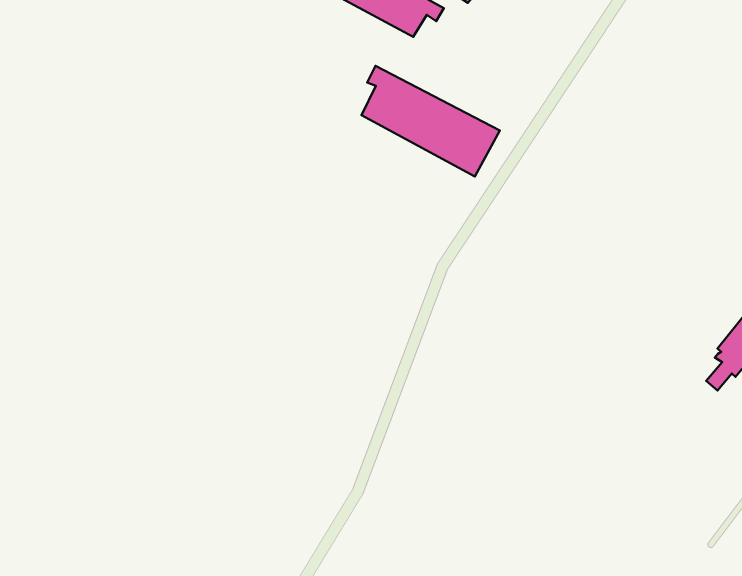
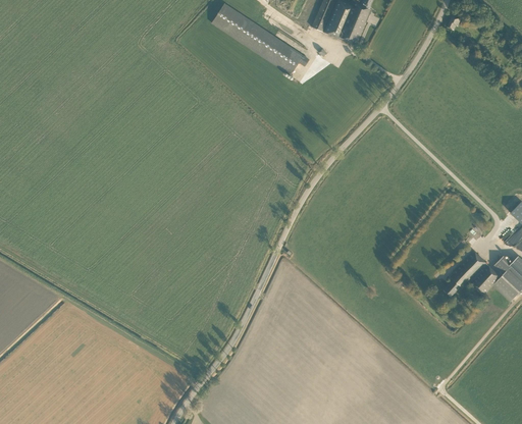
building: [361,66,500,177] -> none

